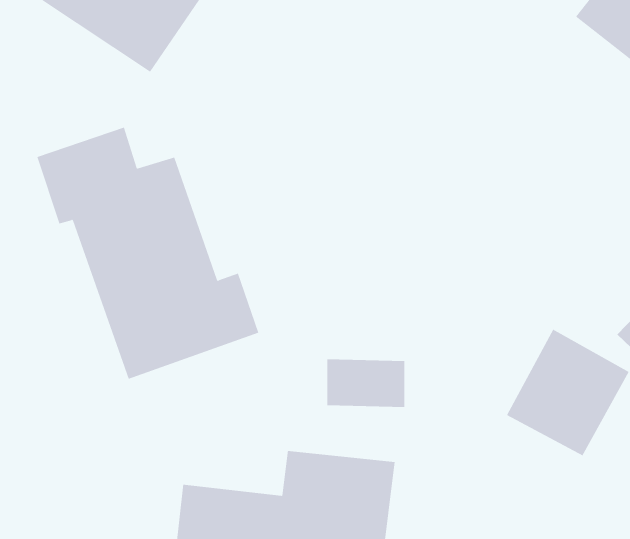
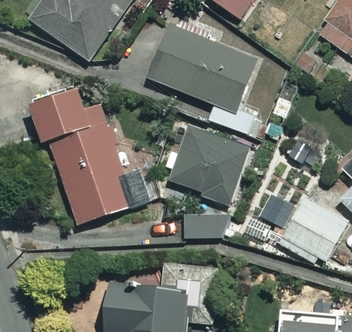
building: none -> [148,26,254,111]
building: none -> [163,128,247,206]

